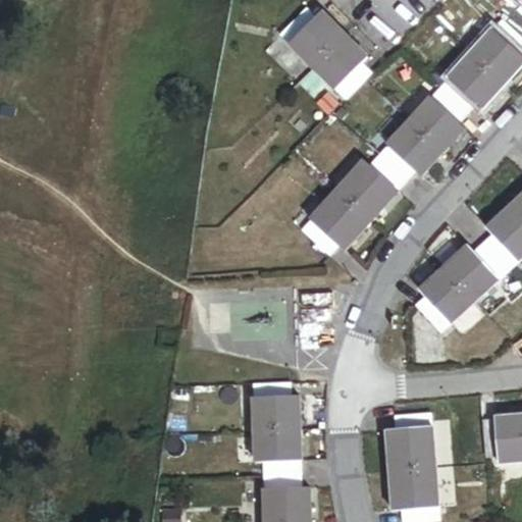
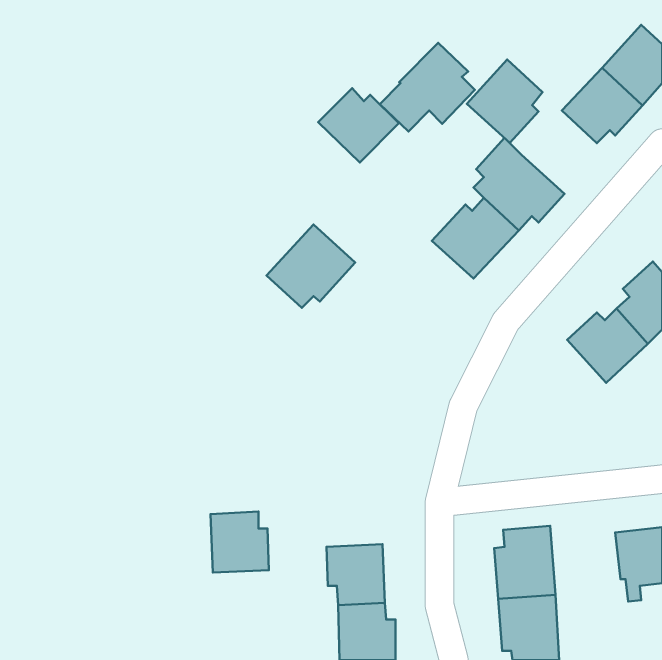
building: [280,6,344,64] -> [318,88,399,162]
building: [409,87,468,152] -> [467,59,542,143]
building: [302,189,371,254] -> [267,225,355,308]
building: [415,266,475,331] -> none
building: [254,380,300,428] -> [210,511,269,573]

